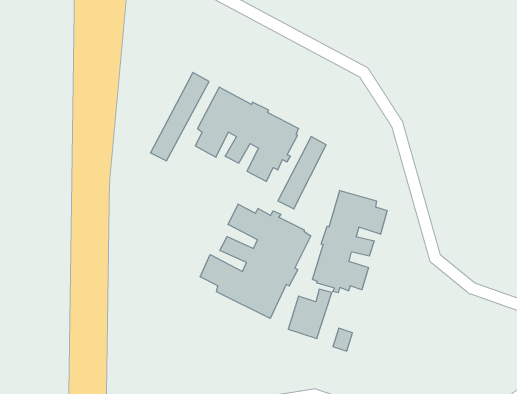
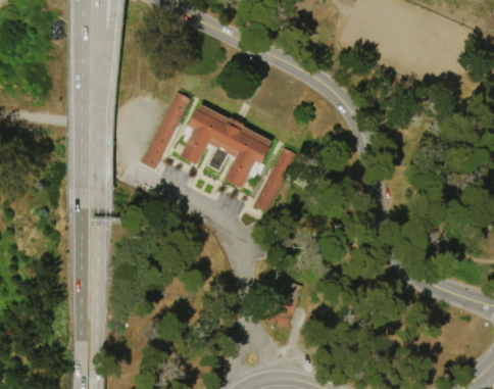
building: [313,190,387,293] -> none
building: [200,204,311,318] -> none

